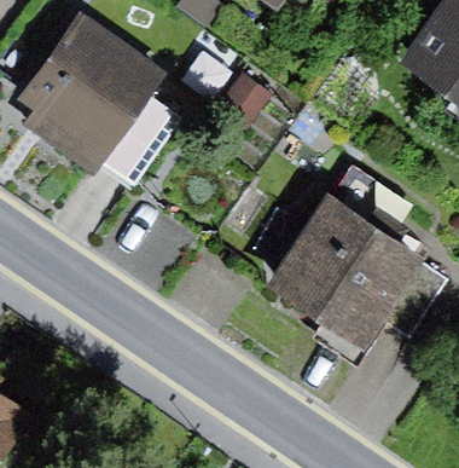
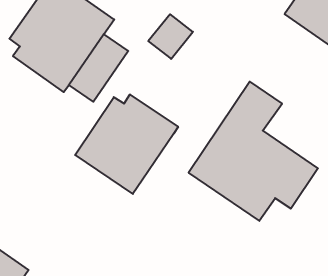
building: none -> [75,94,178,194]

